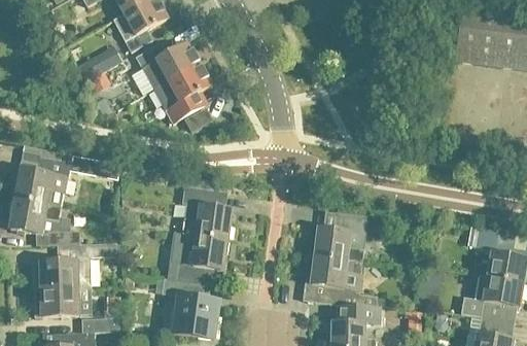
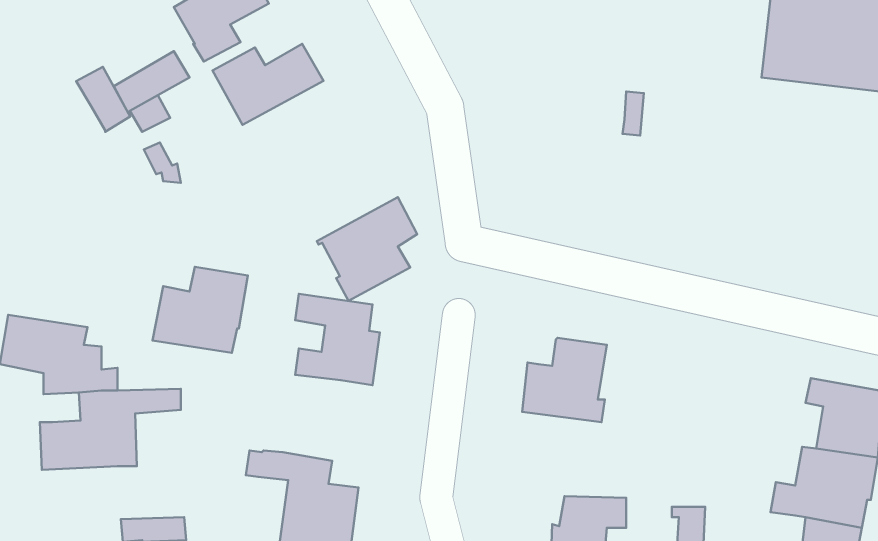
building: none -> [76,67,130,132]
building: [151,62,210,123] -> [317,197,417,301]
building: [14,155,70,206] -> [153,267,248,353]
building: [175,234,227,285] -> none
building: [311,255,376,306] -> none
building: [34,287,79,316] -> none

